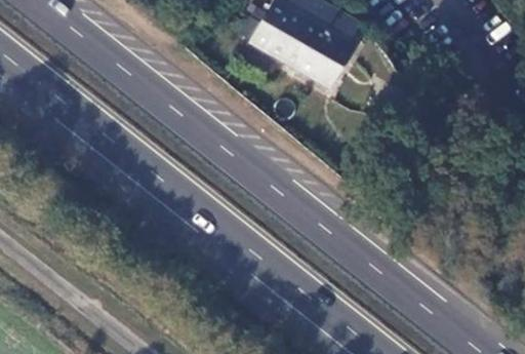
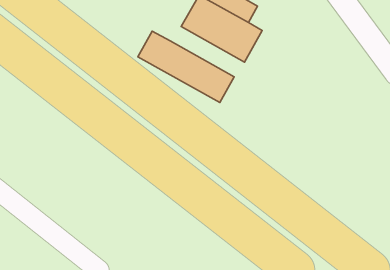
building: none -> [138,31,234,103]

